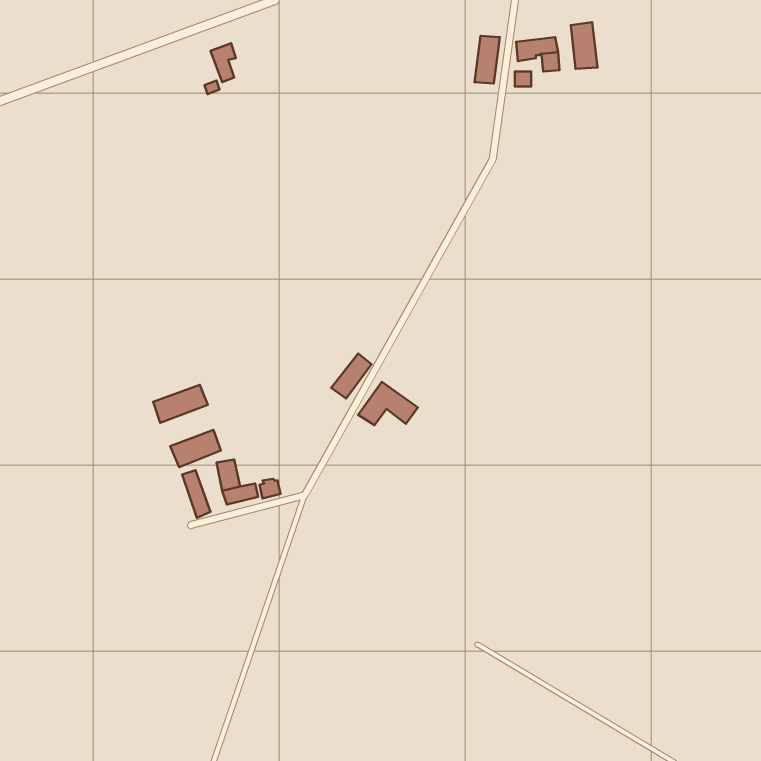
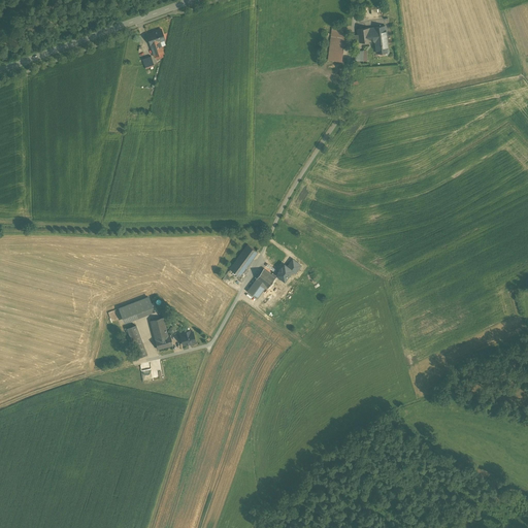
building: [571,22,597,69] -> none
building: [153,385,208,423] -> none

